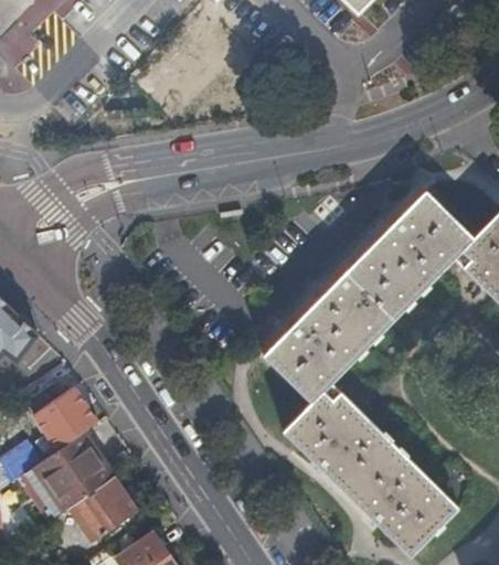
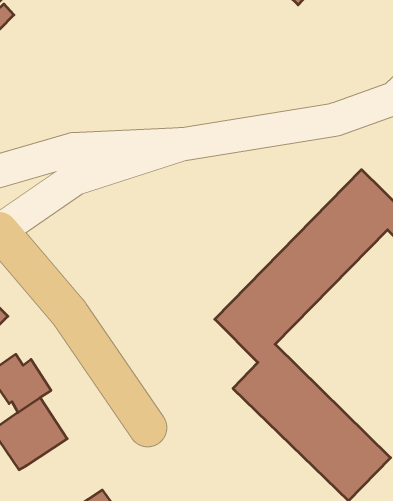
building: [57,484,127,548] -> none

